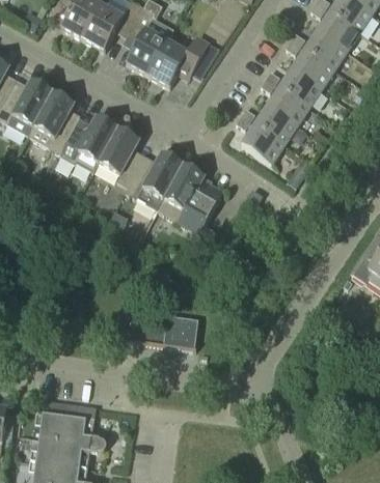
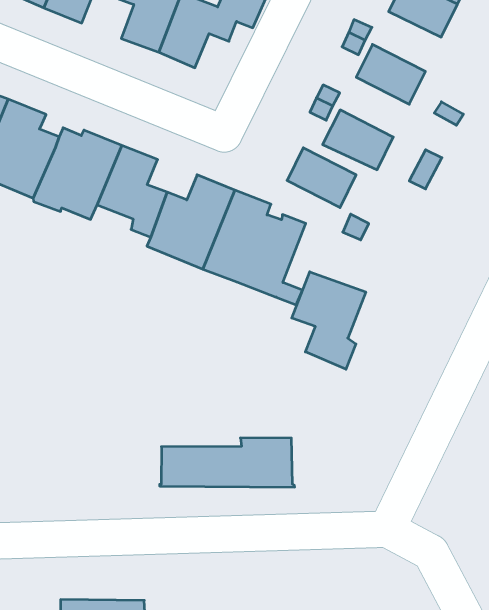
building: [279,67,322,107] -> none
building: [254,105,297,144] -> [287,148,356,208]
building: none -> [292,272,366,369]

